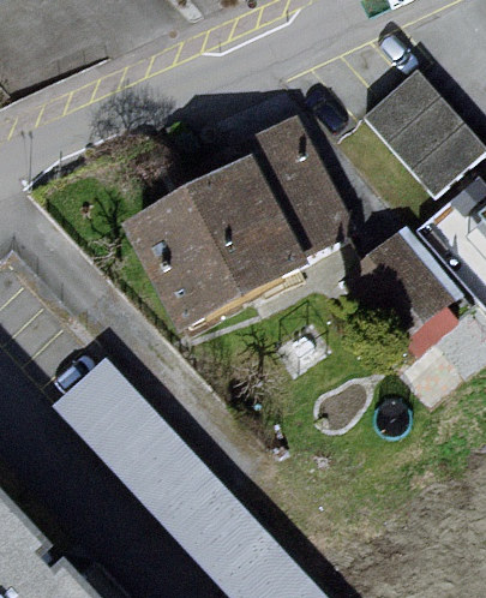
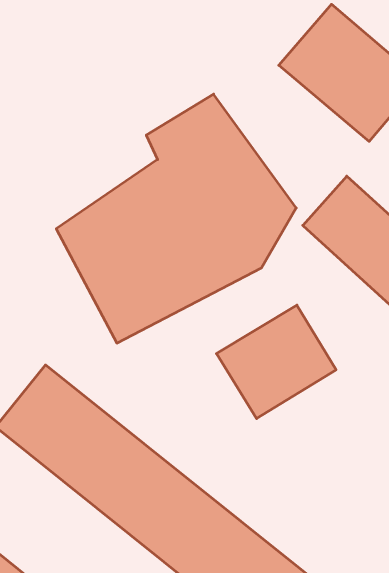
building: none -> [216,305,336,419]

